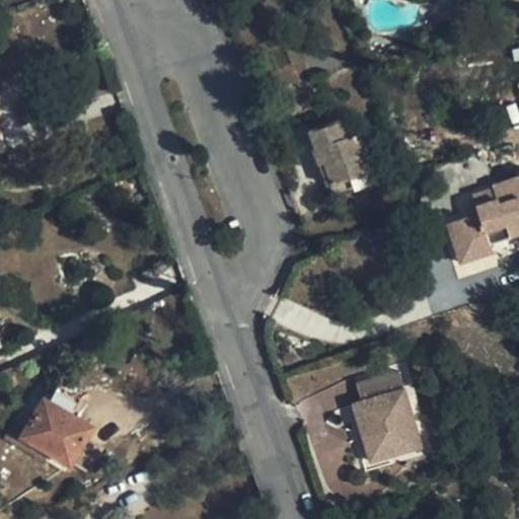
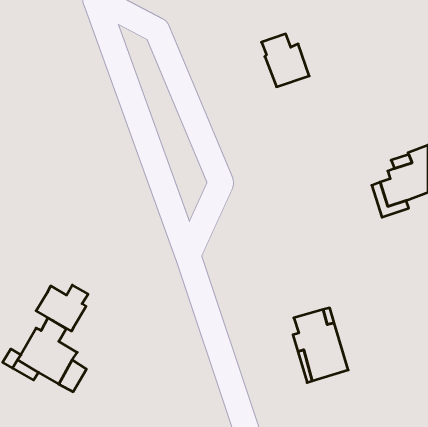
building: [310,122,368,186] -> [261,34,309,87]
building: none -> [36,285,88,331]

